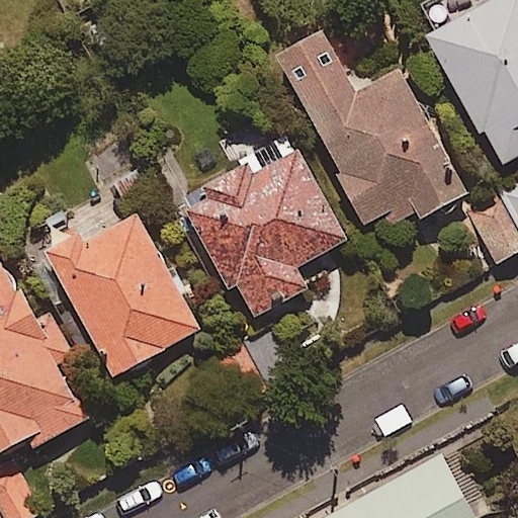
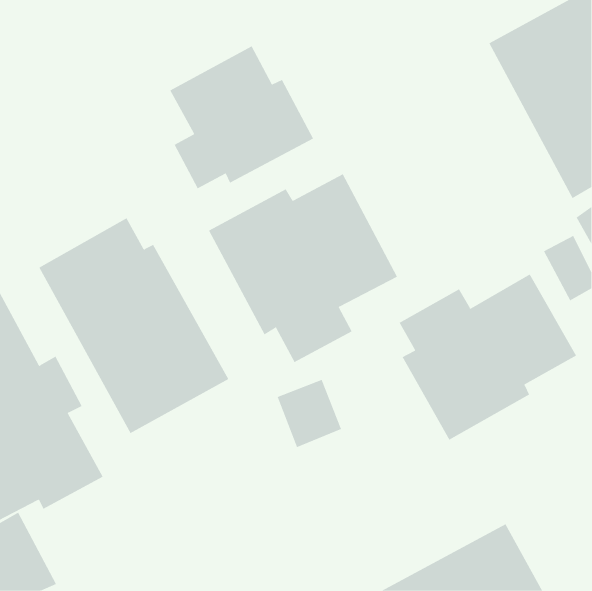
building: [276,31,468,231] -> none
building: none -> [169,46,314,189]
building: none -> [399,274,577,440]

